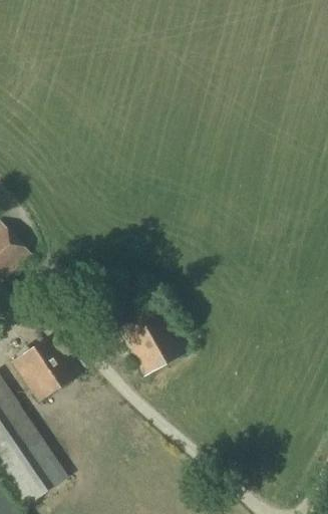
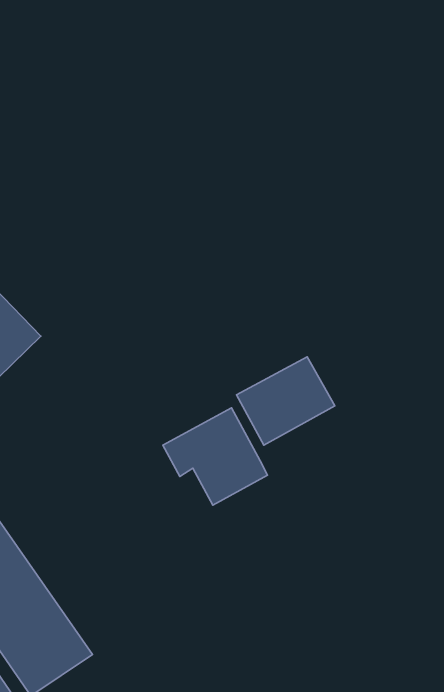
building: none -> [237,357,335,445]
building: [11,334,79,401] -> none

